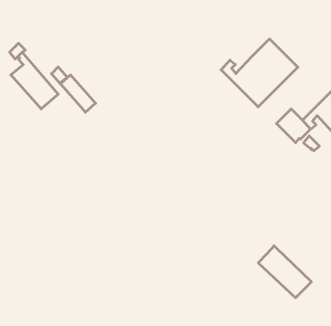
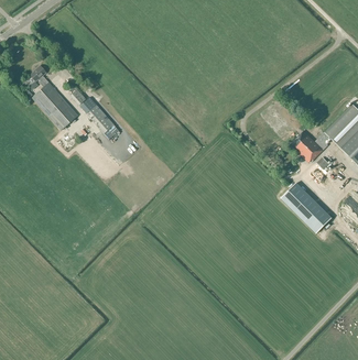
building: [221,39,298,107] -> none
building: [258,246,311,298] -> [283,179,335,230]

